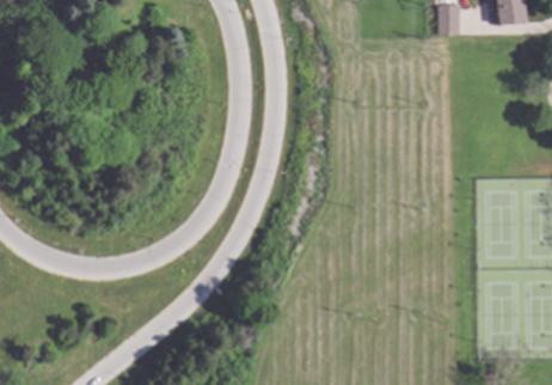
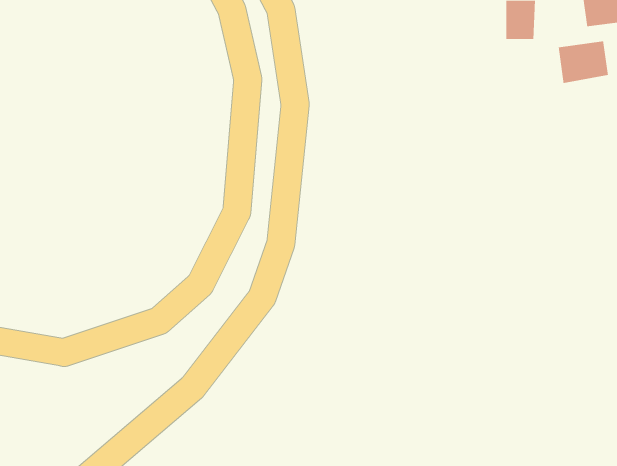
building: none -> [558,40,609,84]

